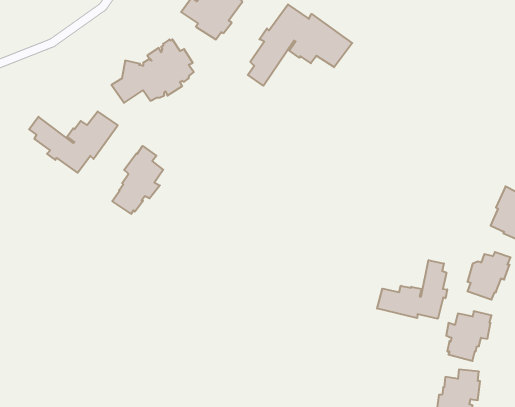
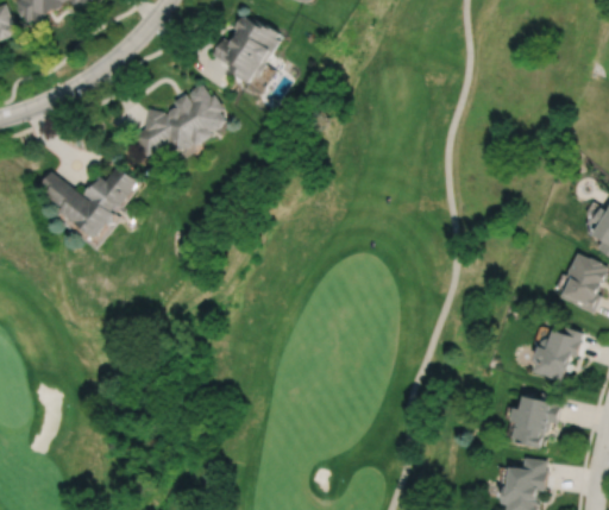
building: [248,4,352,86] -> none
building: [112,146,163,214] -> none
building: [377,260,447,319] -> none

